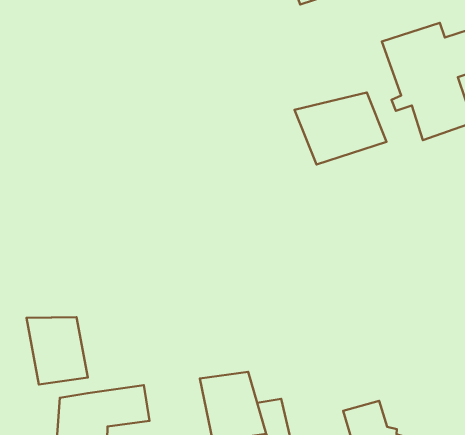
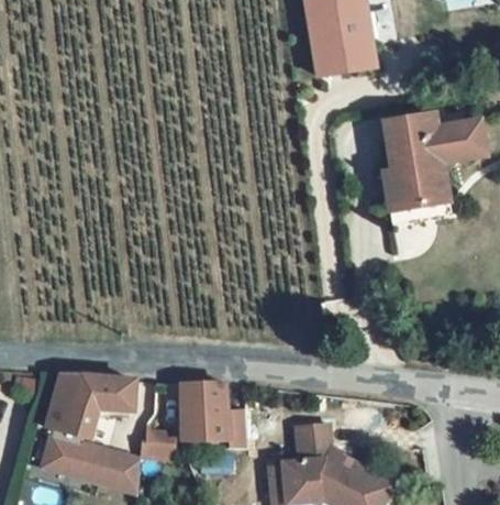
building: [295,92,387,165] -> none
building: [27,317,88,384] -> none

